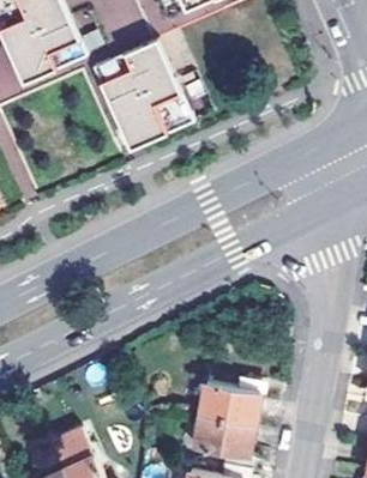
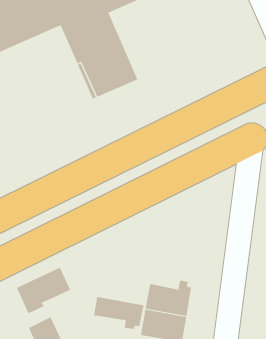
building: none -> [16,267,71,314]
building: none -> [94,296,144,330]

